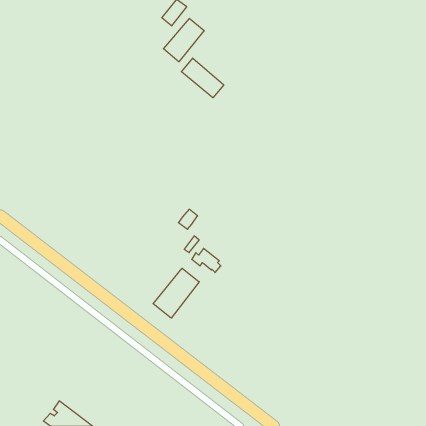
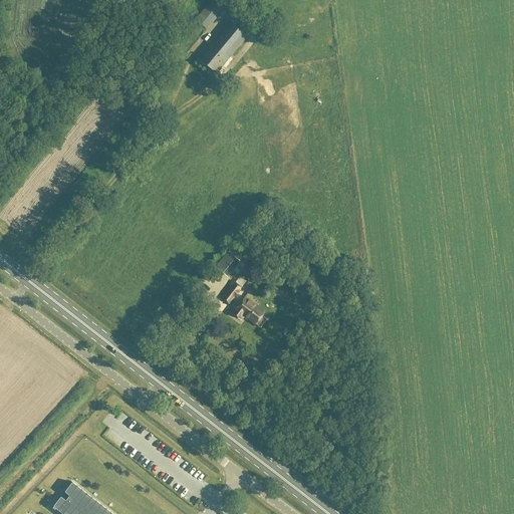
building: [181,58,224,98] -> none
building: [153,268,199,318] -> none

